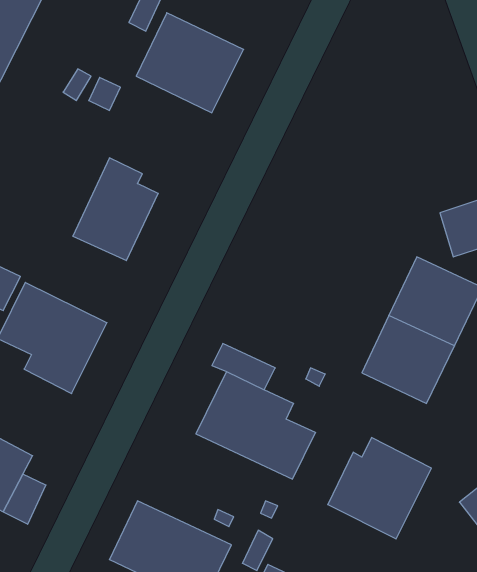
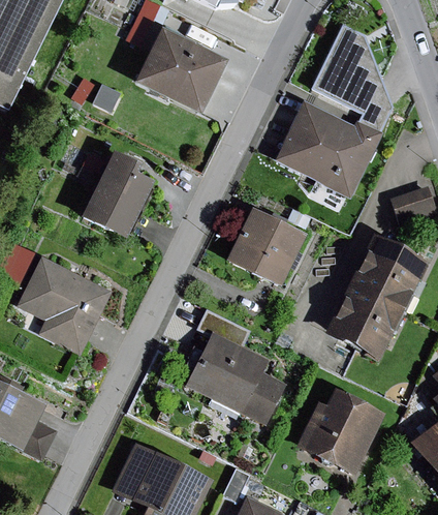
building: none -> [273,23,393,198]
building: none -> [226,208,305,285]

